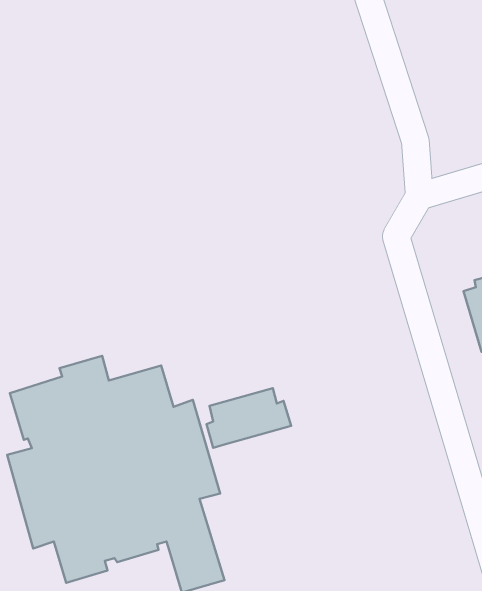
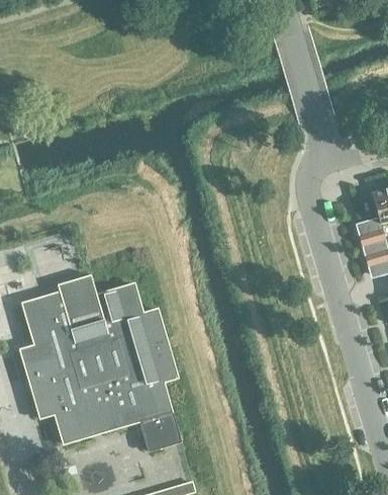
building: [206,388,291,448] -> none

